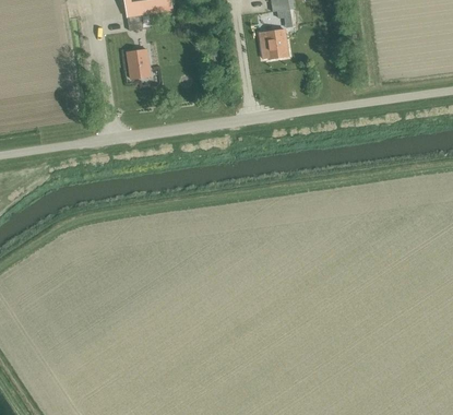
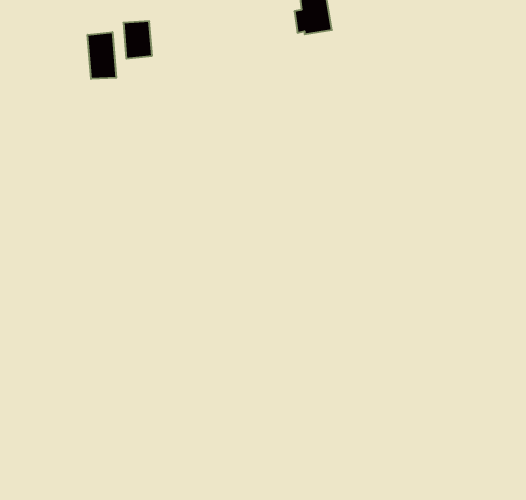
building: none -> [88,32,116,79]

